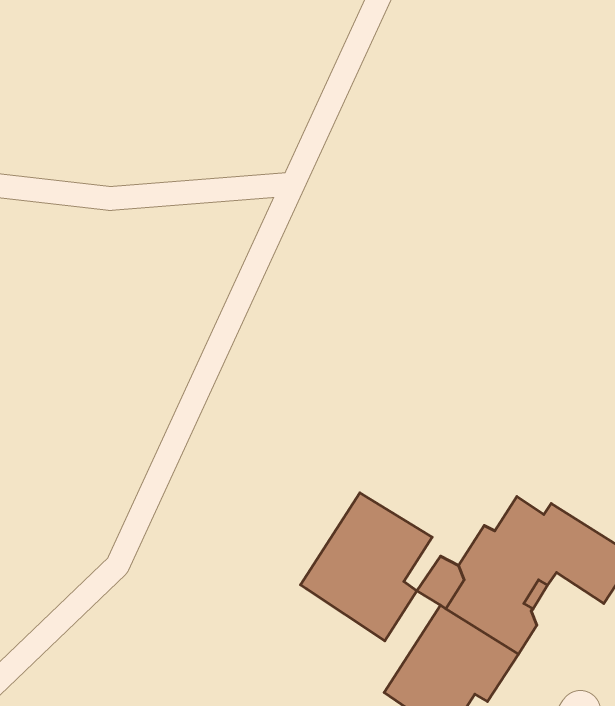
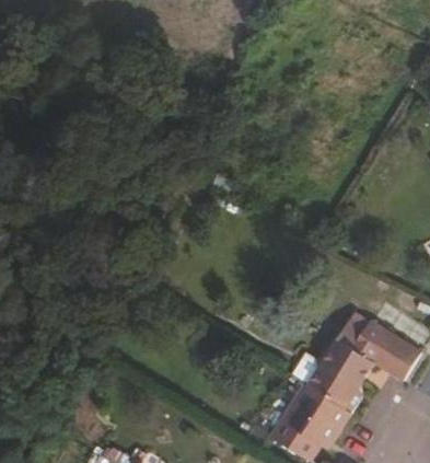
building: [300,493,432,641] -> none

